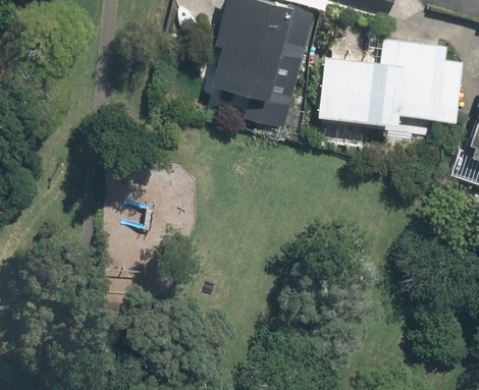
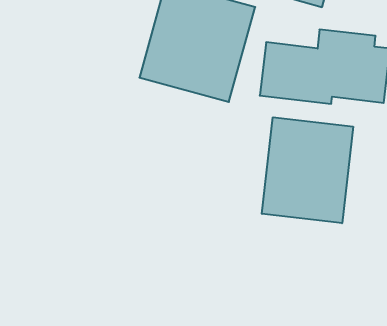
building: none -> [262,117,353,223]

